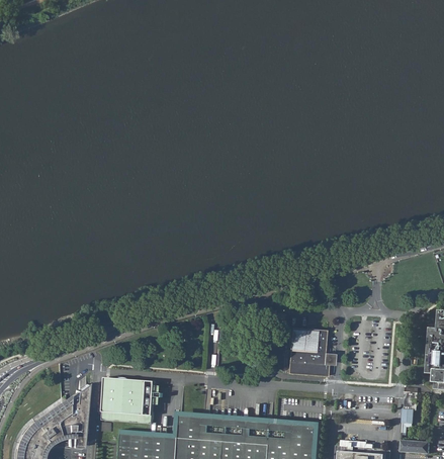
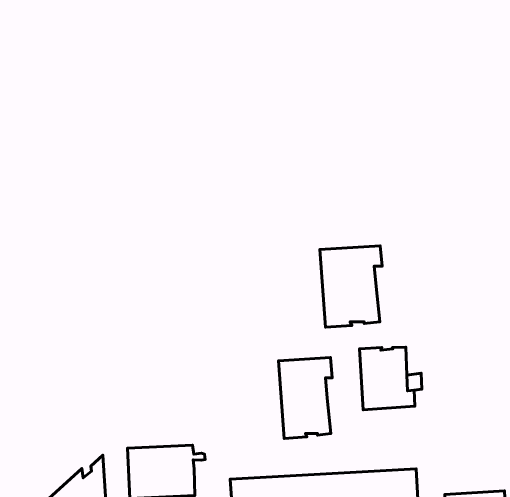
building: none -> [320,246,382,327]
building: none -> [279,358,332,438]

